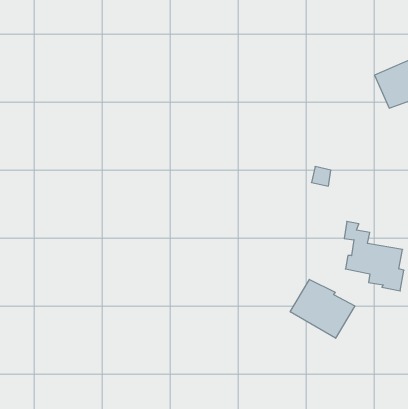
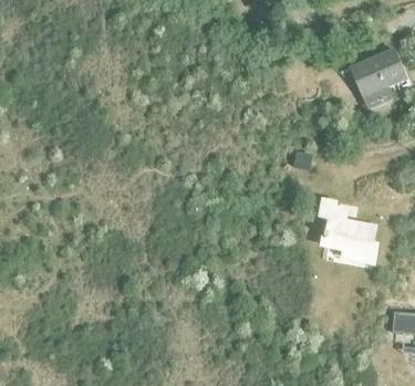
building: [290,279,355,338] -> none

